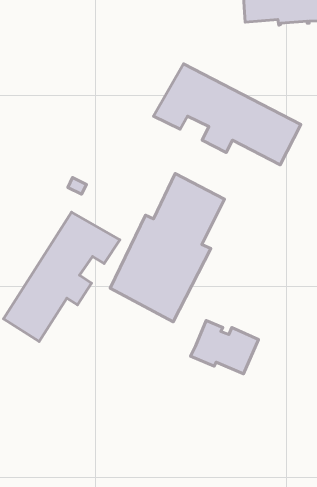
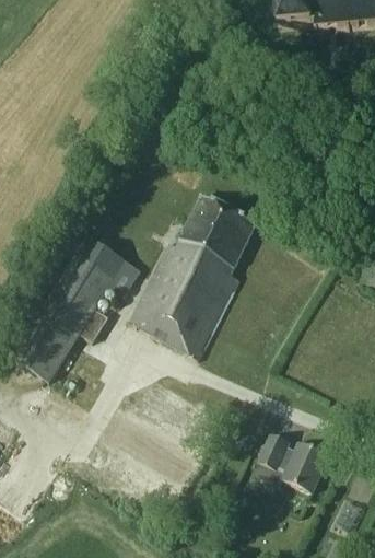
building: [154,64,301,165] -> none
building: [190,321,258,374] -> [254,432,329,491]

